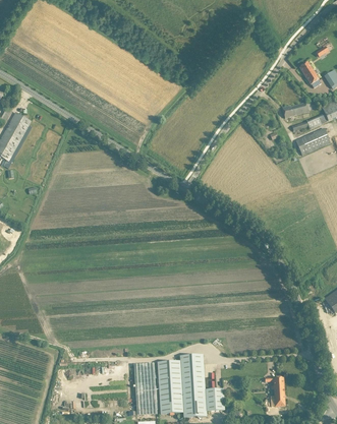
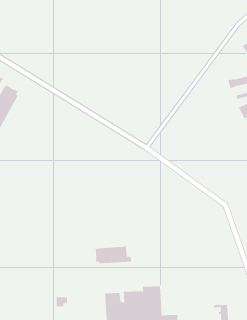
building: none -> [95,246,132,264]

